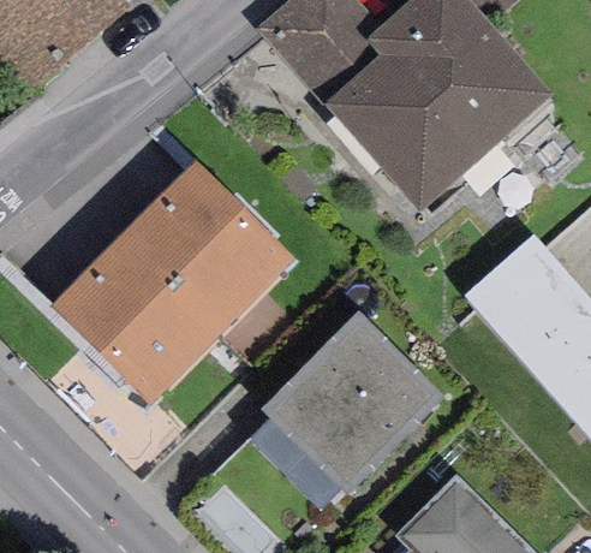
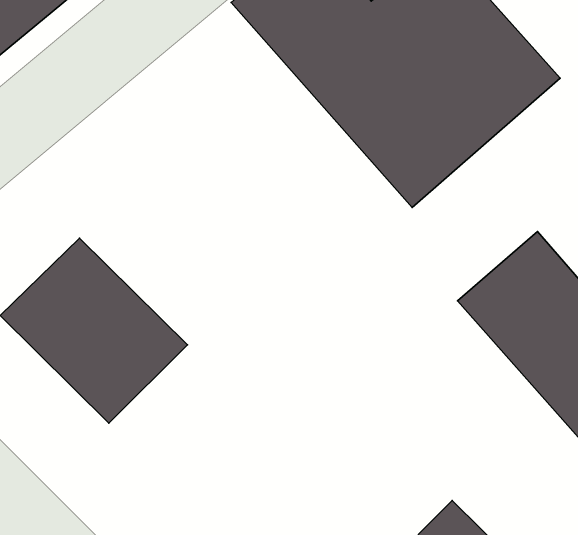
building: [120,161,293,334] -> none
building: [262,314,444,496] -> none

